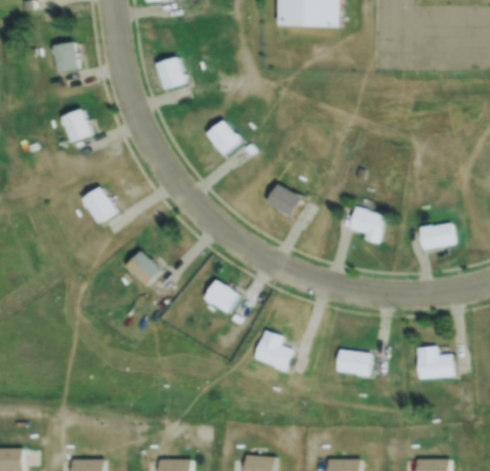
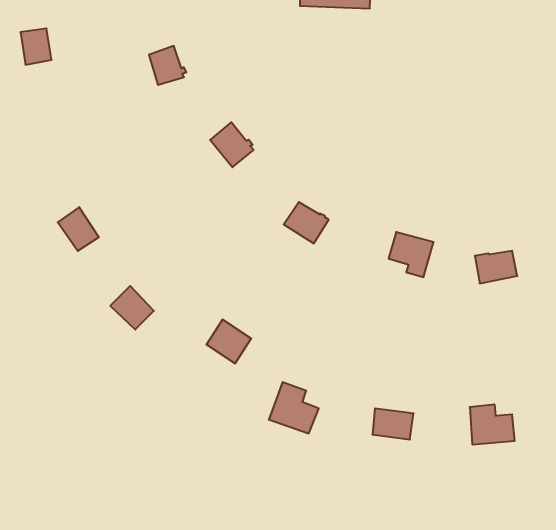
building: [62,109,90,142] -> none

